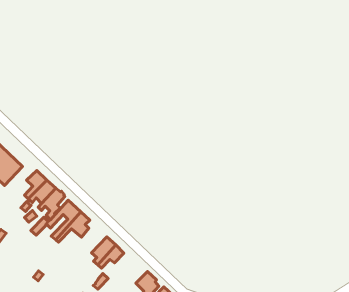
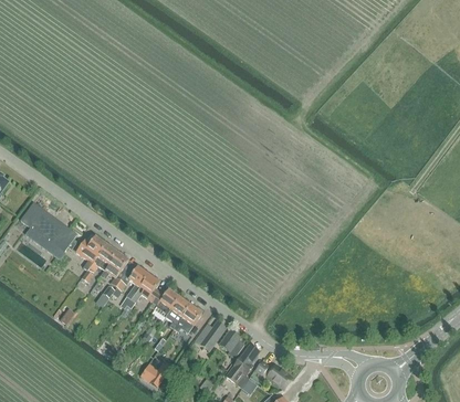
building: none -> [151,288,180,321]
building: none -> [195,320,227,350]

